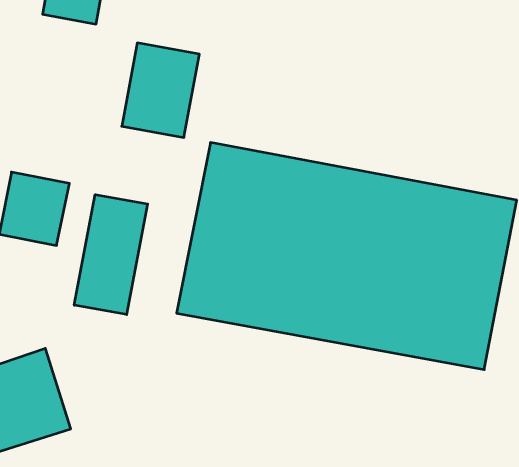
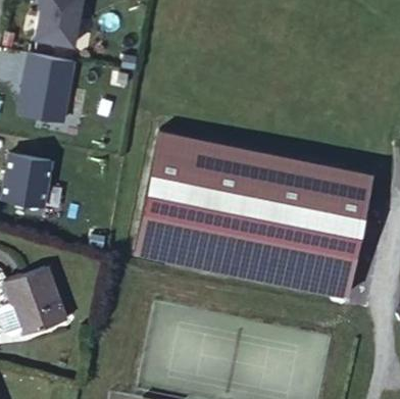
building: [122,43,199,137] -> [18,52,74,120]
building: [74,195,148,315] -> none

